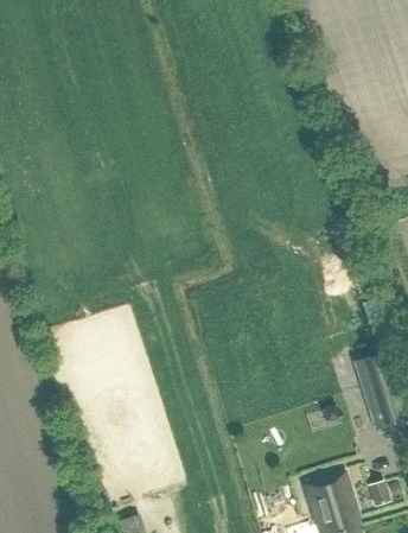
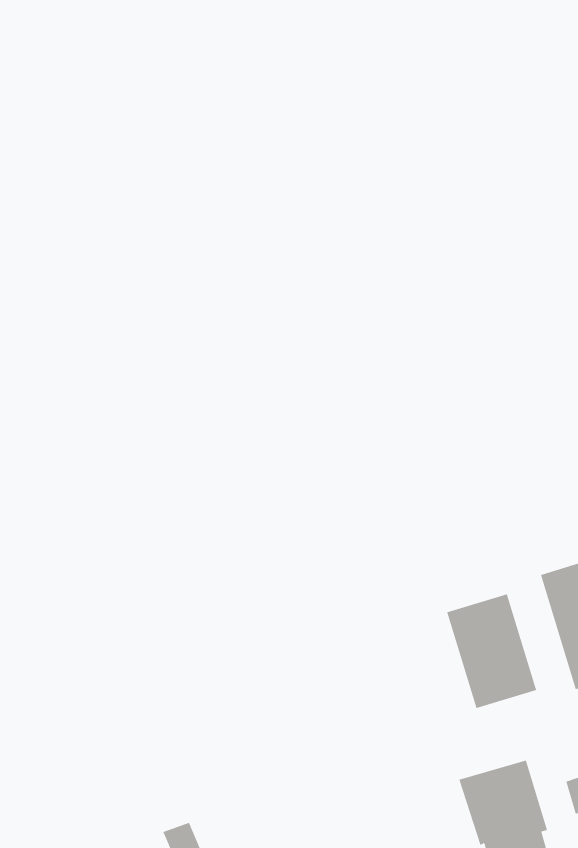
building: none -> [446,594,537,709]

